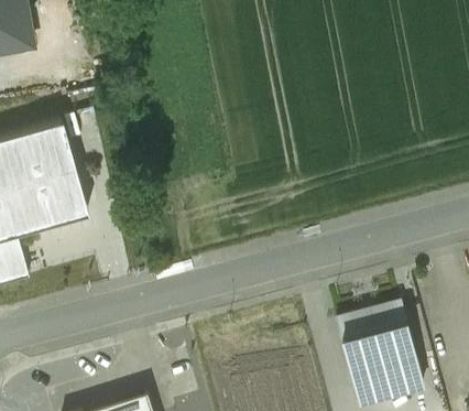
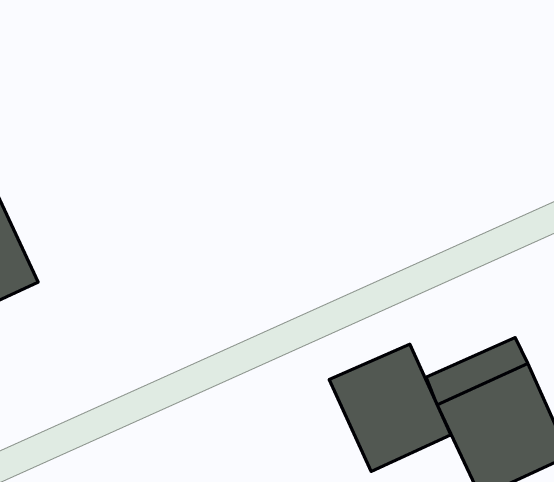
building: none -> [329,344,451,472]

